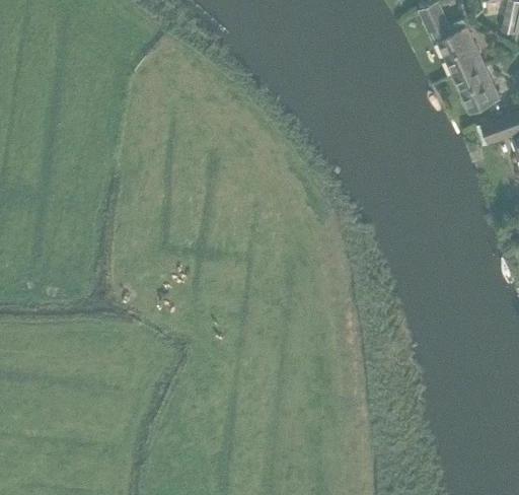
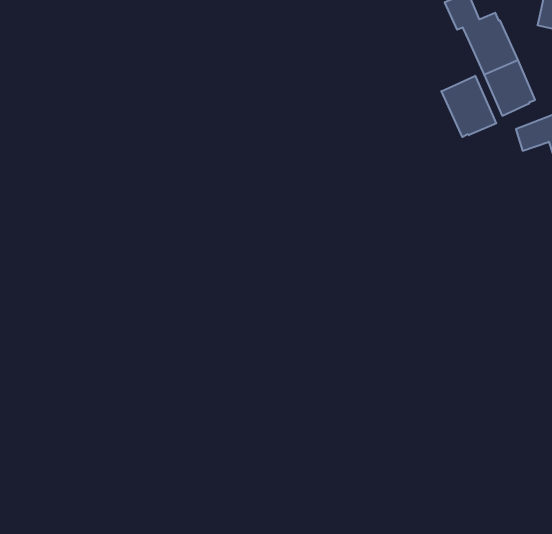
building: none -> [441,76,496,137]

